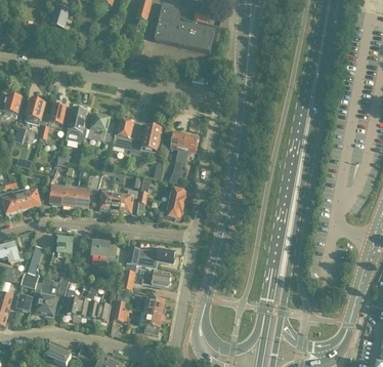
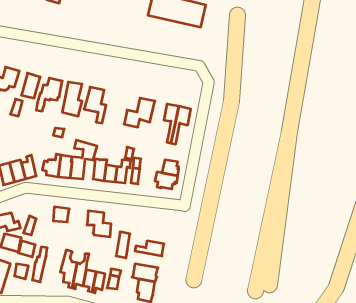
building: [112,118,133,155] -> none
building: [126,246,175,267] -> none
building: [44,276,70,316] -> none

